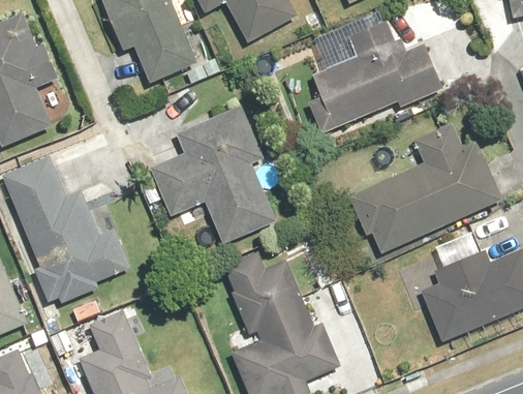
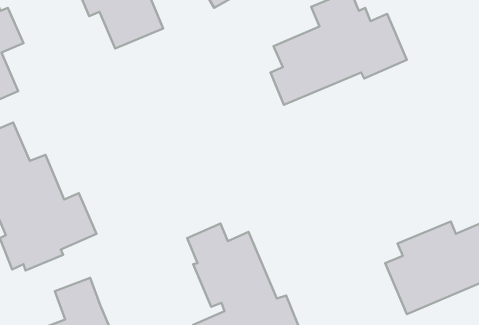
building: [152,103,277,242] -> none
building: [345,125,498,256] -> none

